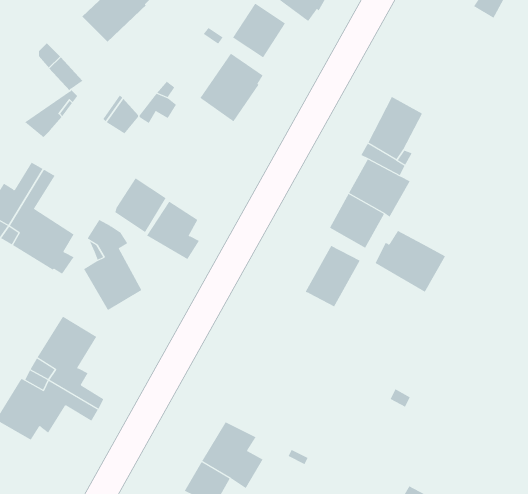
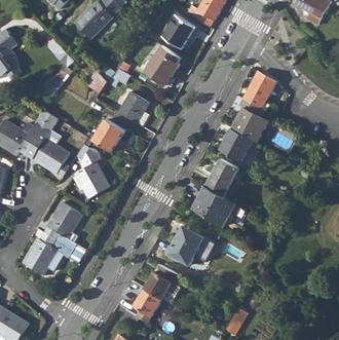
building: [146,201,200,260] -> [117,91,149,126]
building: [375,230,446,292] -> [194,188,236,225]
building: none -> [167,226,215,265]

